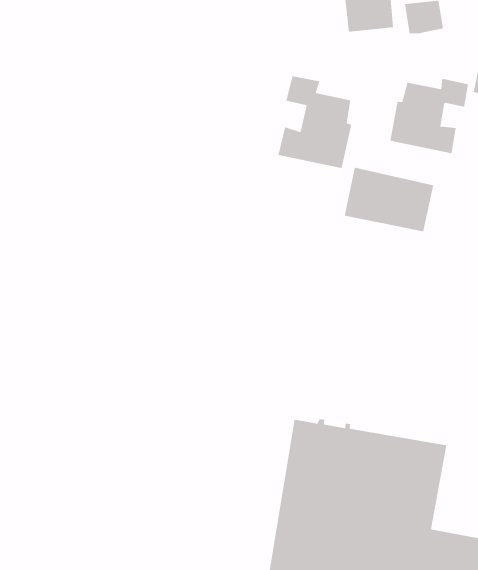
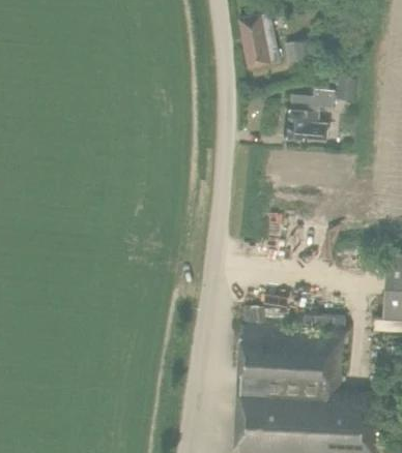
building: [278,75,352,169] -> none
building: [344,167,434,232] -> none

